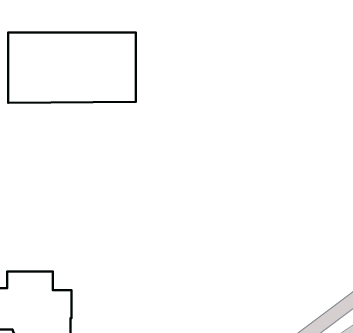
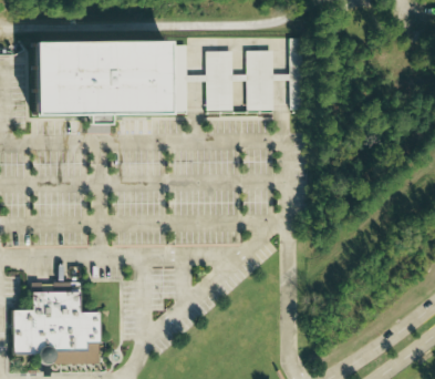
building: none -> [172,41,303,114]

